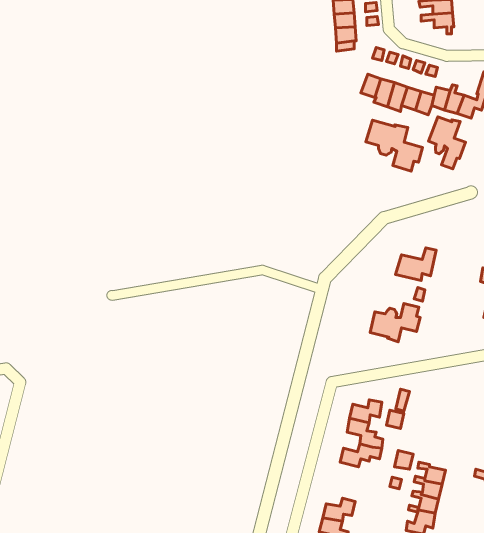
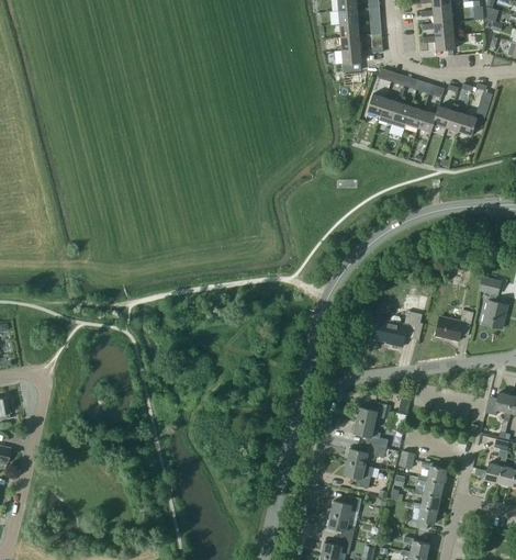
building: [429,117,465,169] -> none
building: [366,120,422,171] -> none
building: [396,248,436,280] -> [435,310,473,340]
building: none -> [344,461,372,489]

